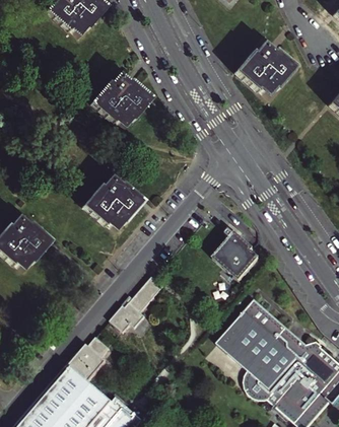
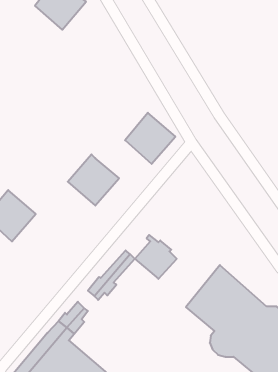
building: [238,38,294,94] -> none
building: [94,69,150,126] -> [125,113,175,164]
building: [212,228,259,277] -> [135,235,177,279]

